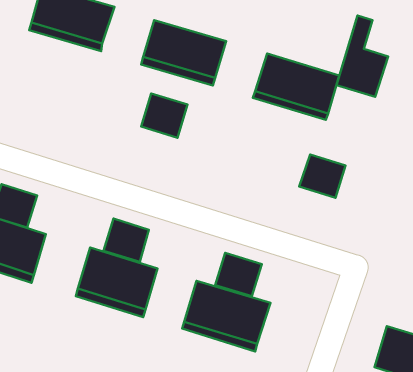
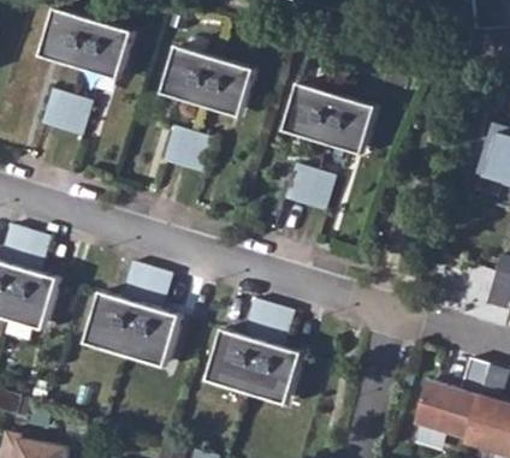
building: [336,15,388,97] -> none
building: none -> [40,88,90,136]
building: [299,154,346,198] -> [283,163,333,210]

